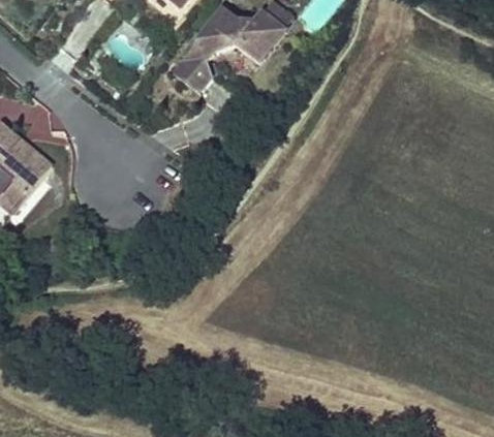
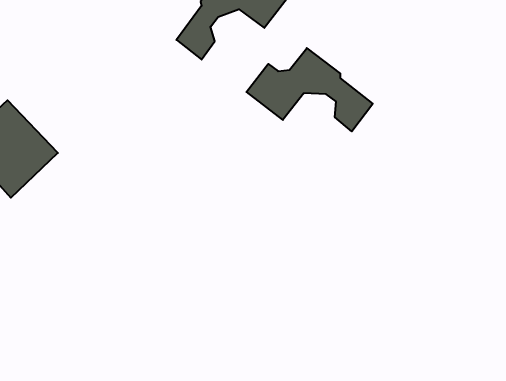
building: none -> [246,48,373,131]

